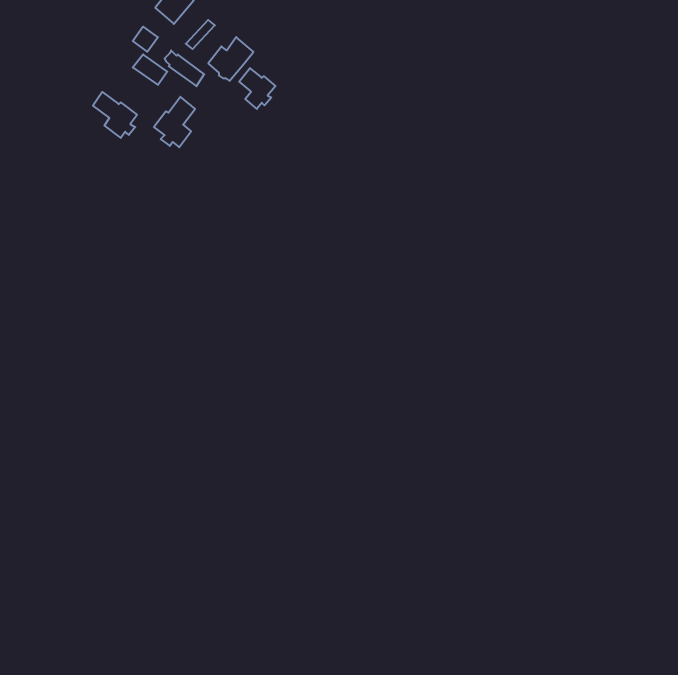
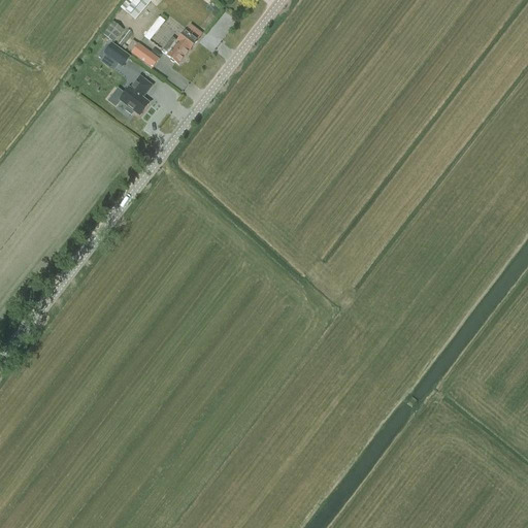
building: [239,68,275,109] -> none
building: [93,92,137,138] -> none

